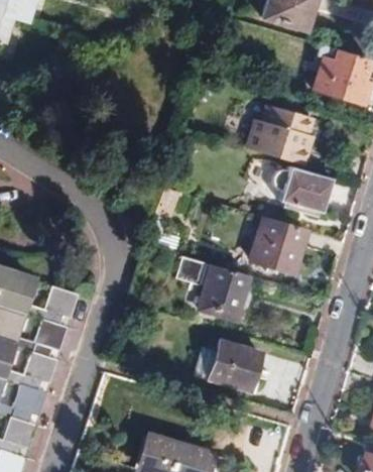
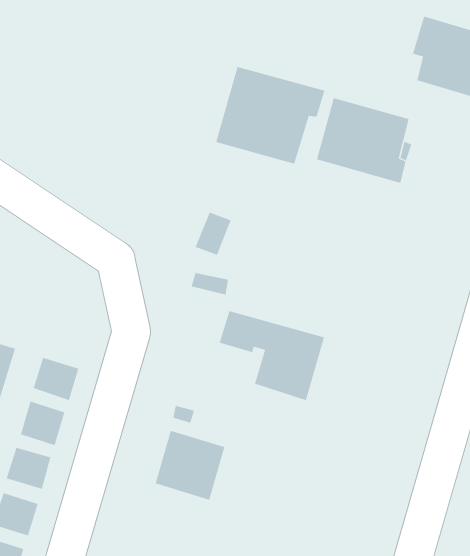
building: none -> [215,66,325,165]
building: [274,167,333,218] -> none
building: [252,217,303,271] -> none
building: [210,341,260,391] -> [155,430,225,501]

